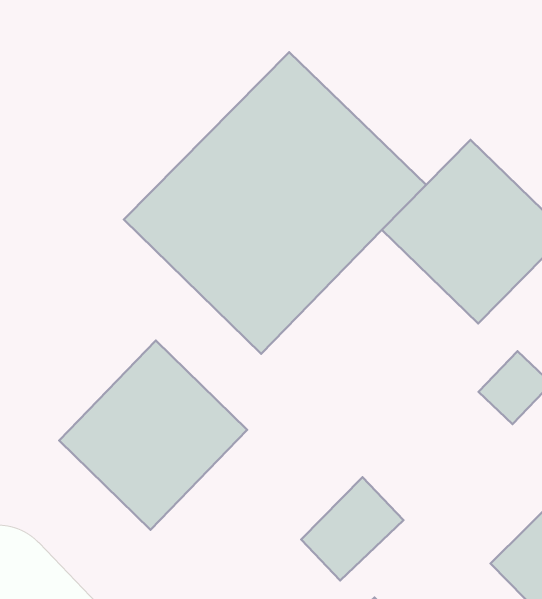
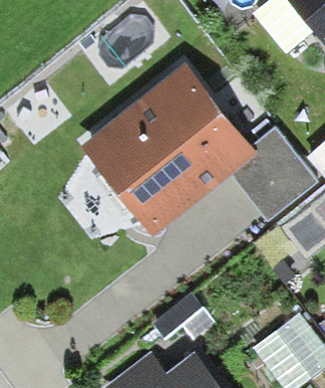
building: [59,341,247,530] -> none

